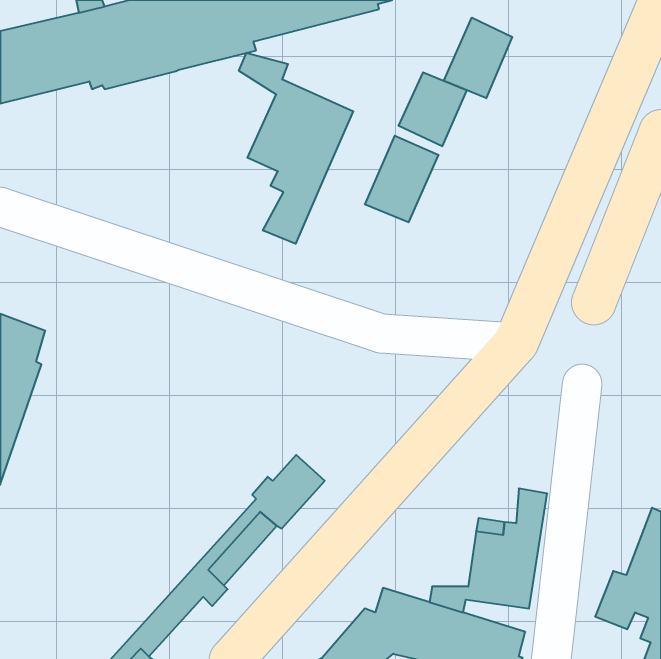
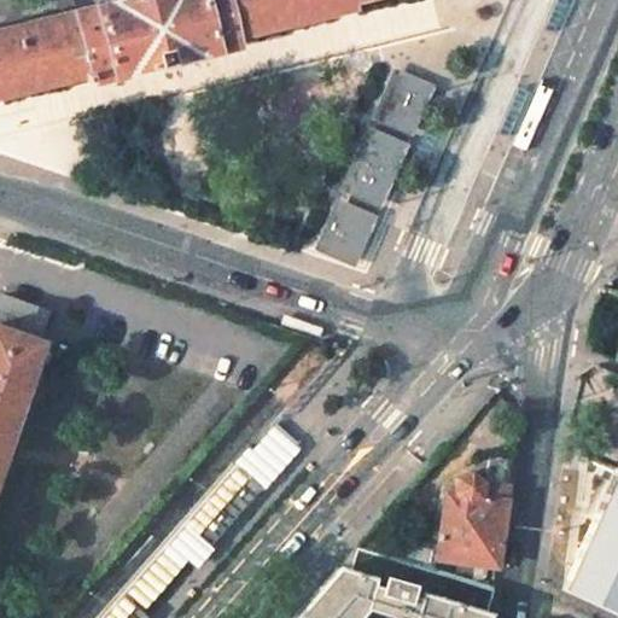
building: [444,18,512,98] -> none
building: [239,53,353,244] -> none
building: none -> [314,199,378,268]

